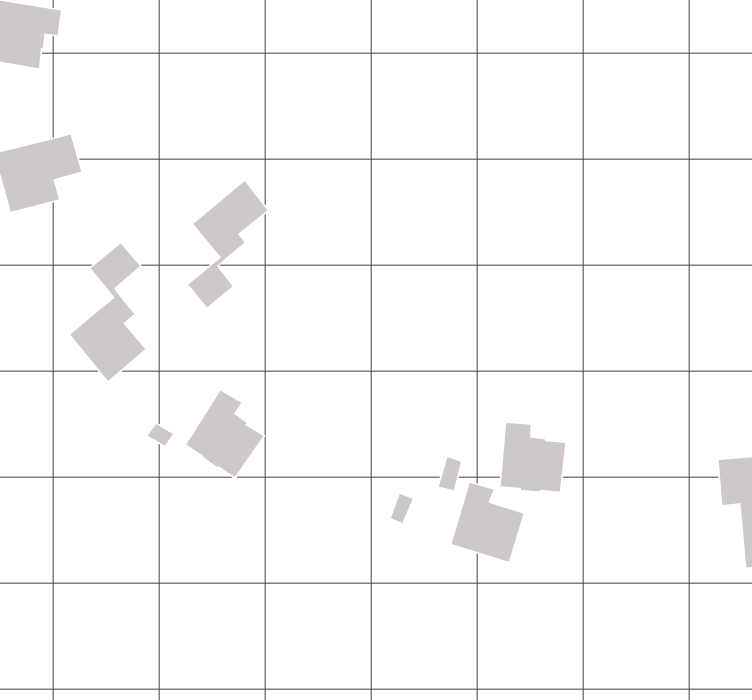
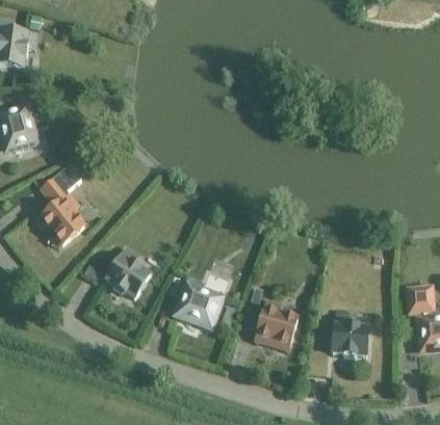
building: [187,180,269,308] -> none
building: [500,422,566,492] -> [331,316,368,355]
building: none -> [176,278,223,329]

